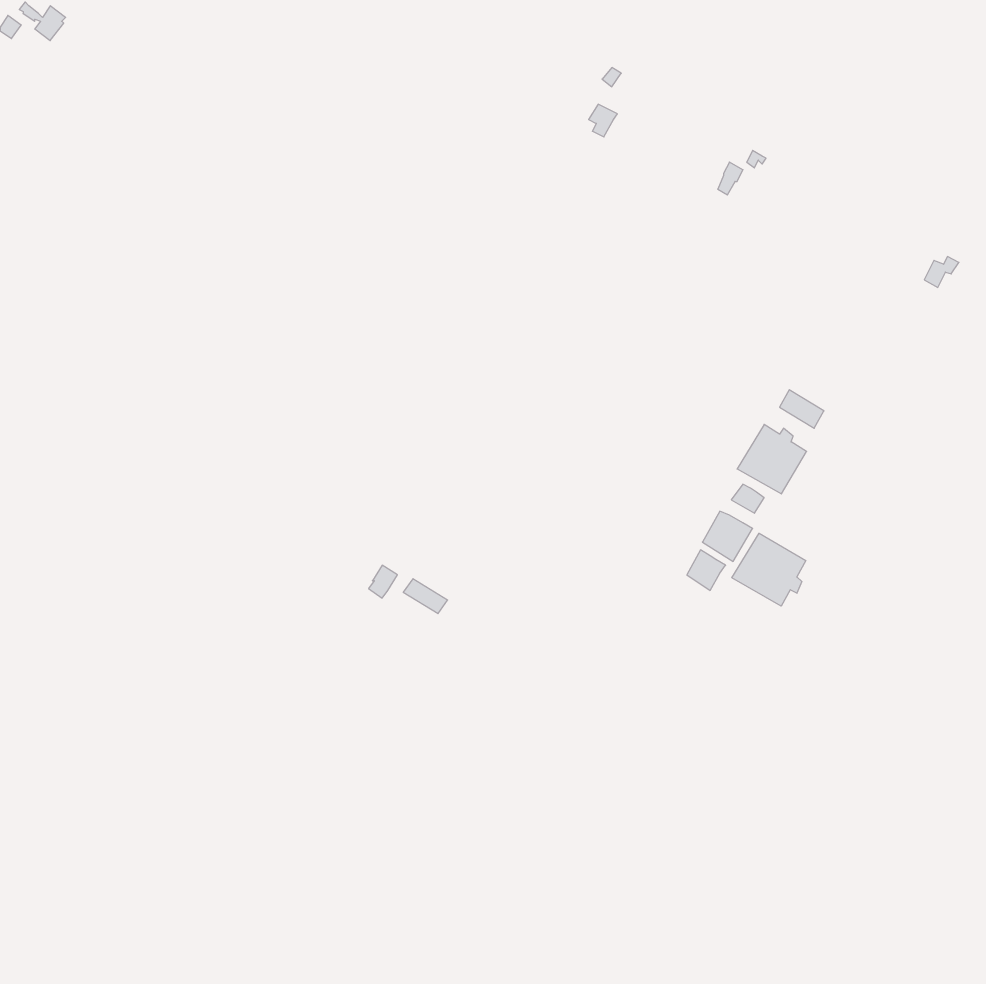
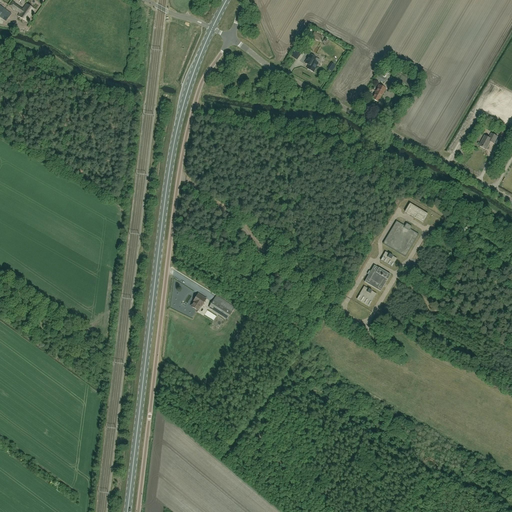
building: [732,533,806,606] -> none

